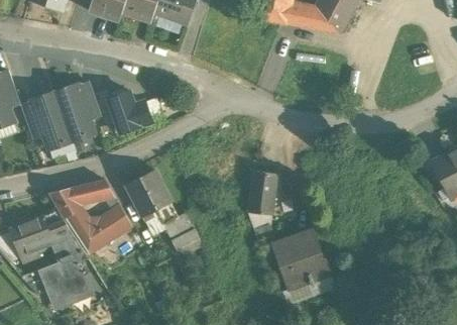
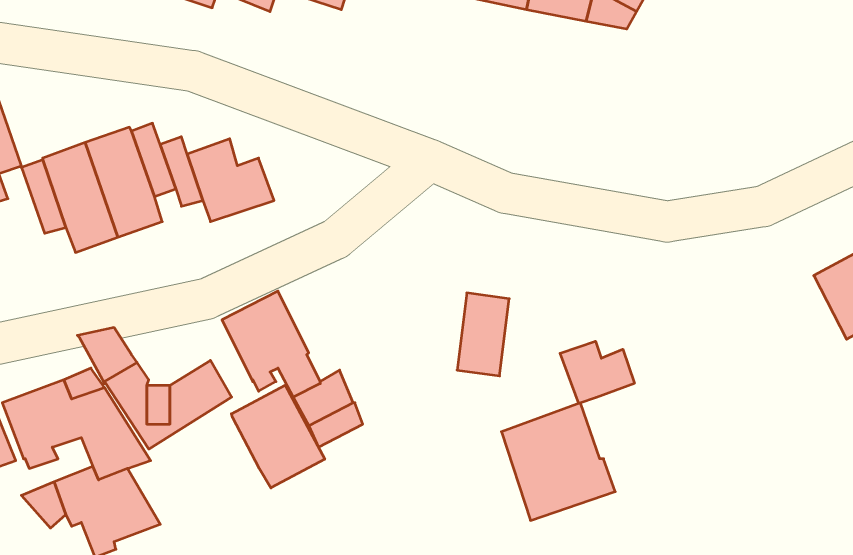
building: [69,180,113,203] -> none
building: none -> [560,341,634,403]
building: none -> [231,385,325,488]

